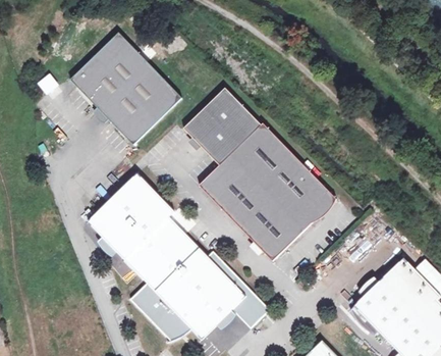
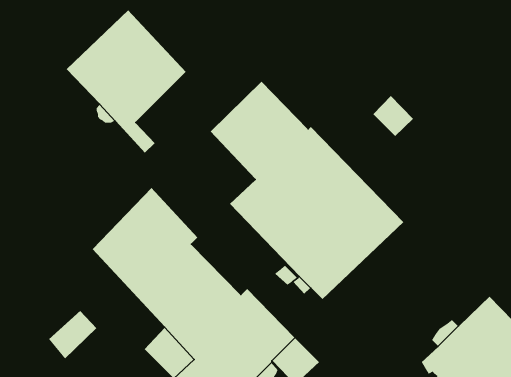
building: [125,82,181,138] -> none
building: none -> [373,95,414,137]
building: none -> [48,310,97,359]

